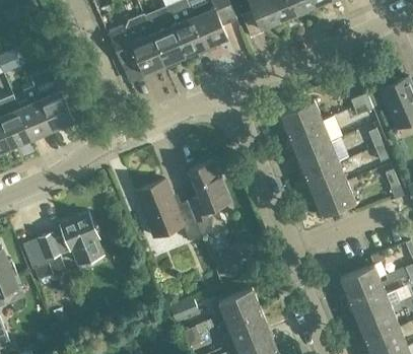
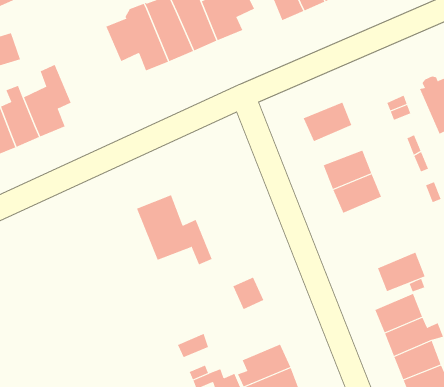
building: [288,121,331,155] -> none
building: [187,161,230,236] -> none
building: [314,183,355,217] -> [377,252,425,292]
building: [24,214,102,280] -> none
building: [218,289,260,324] -> none

